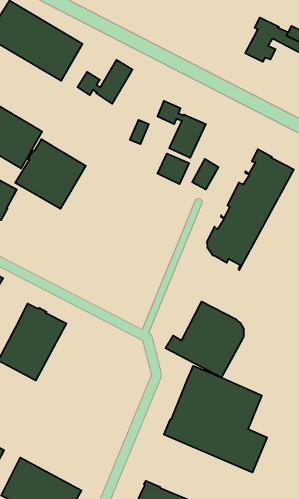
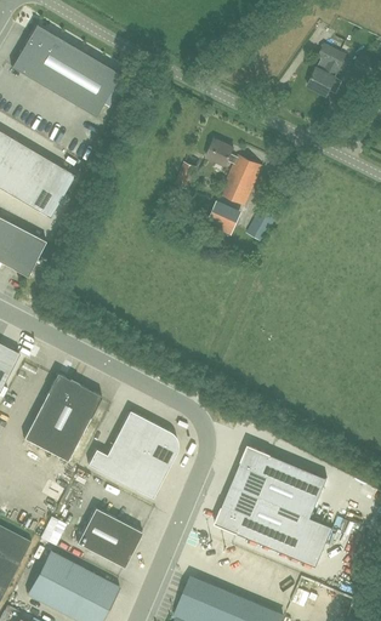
building: [77,60,132,104] -> none
building: [15,139,86,209] -> none
building: [207,149,294,270] -> none
building: [166,302,244,378] -> [87,410,177,497]
building: none -> [76,507,142,568]

